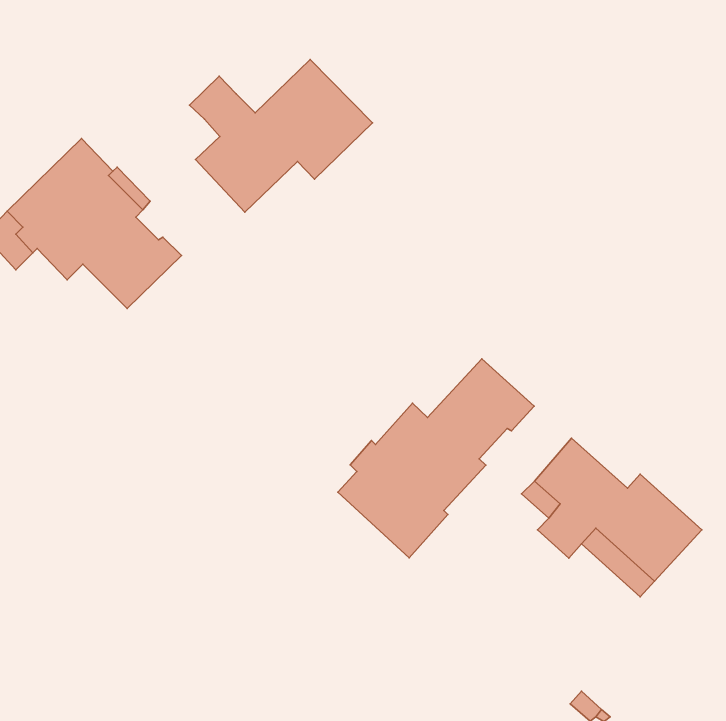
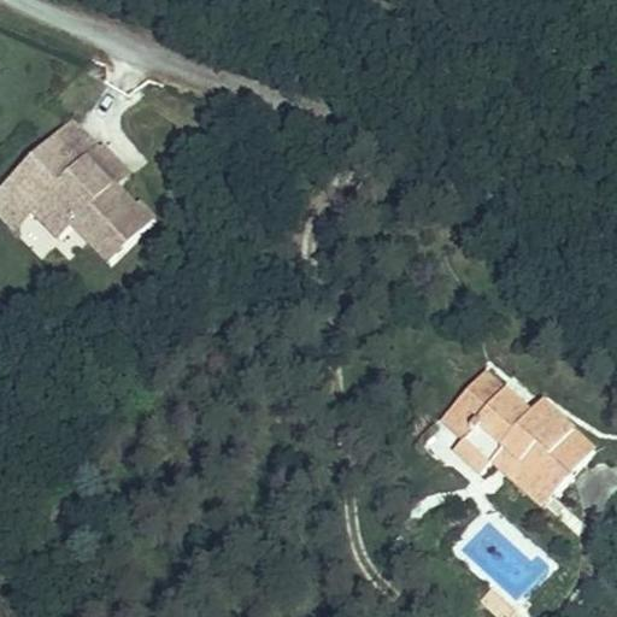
building: [190,60,372,212] -> none
building: [338,359,534,558] -> none

